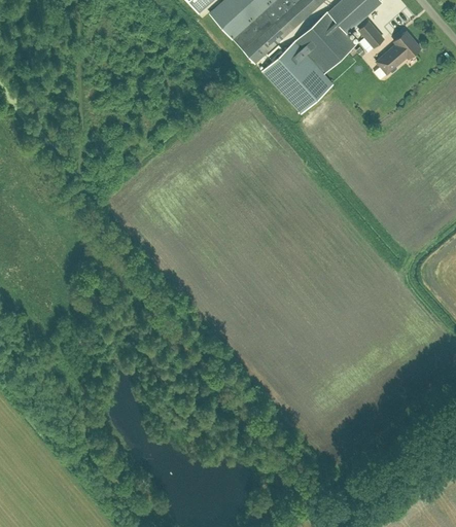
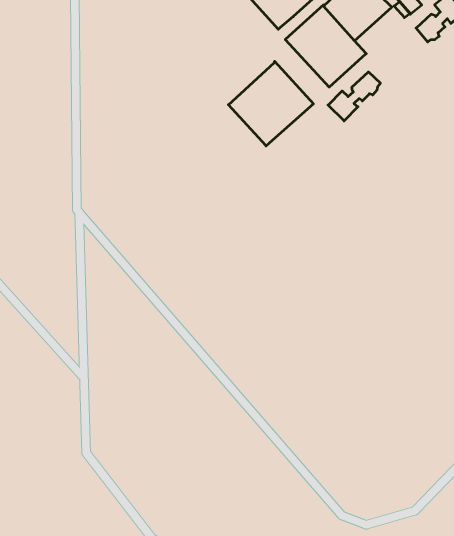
building: none -> [228,61,313,146]
building: none -> [328,72,380,121]

